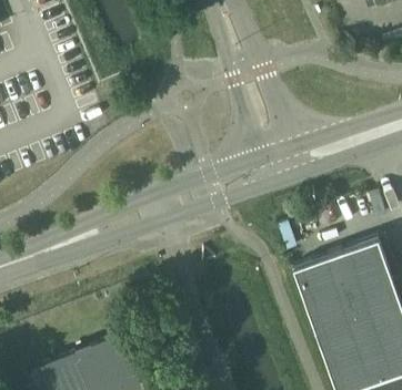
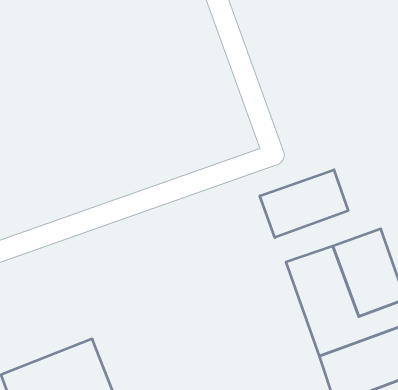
building: none -> [260,170,348,238]

